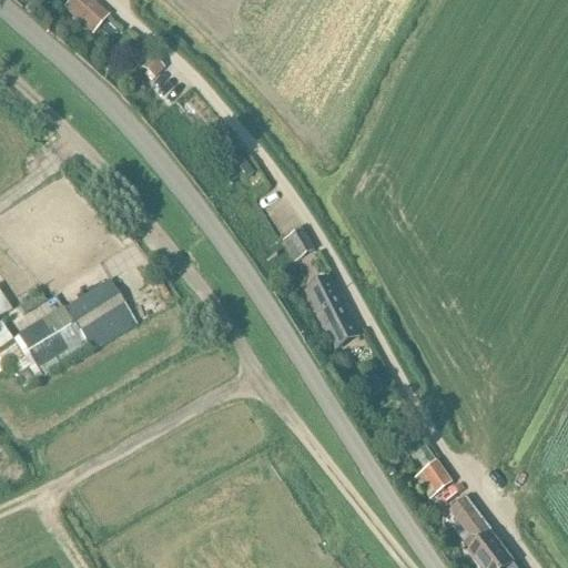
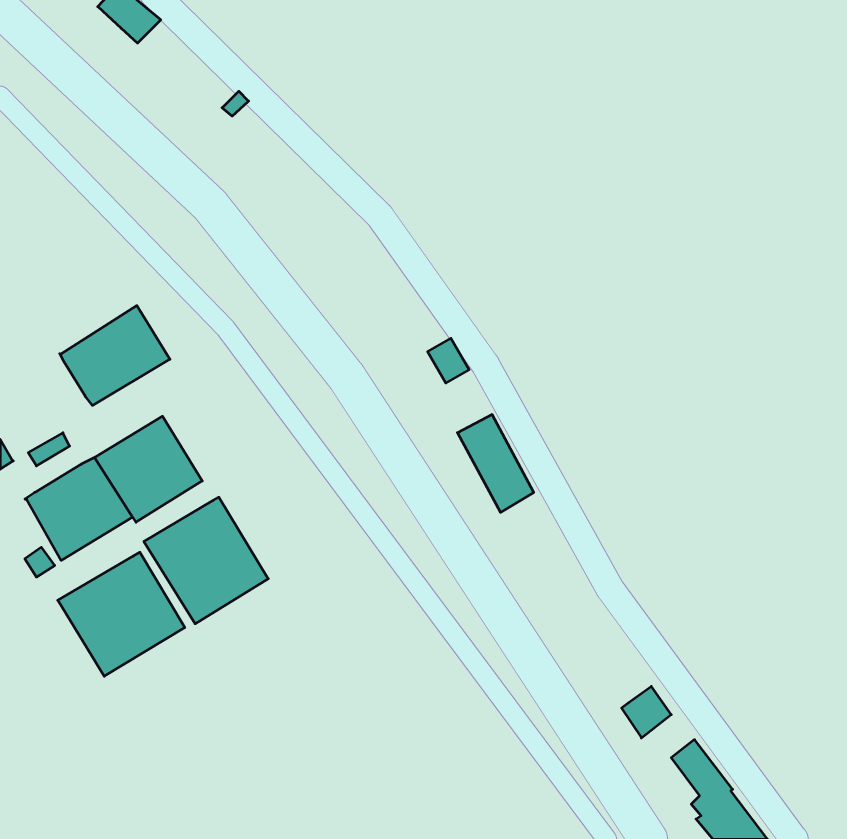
building: none -> [60,306,170,405]
building: none -> [144,497,268,624]
building: none -> [58,552,185,676]

